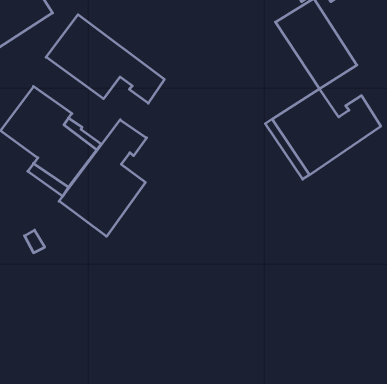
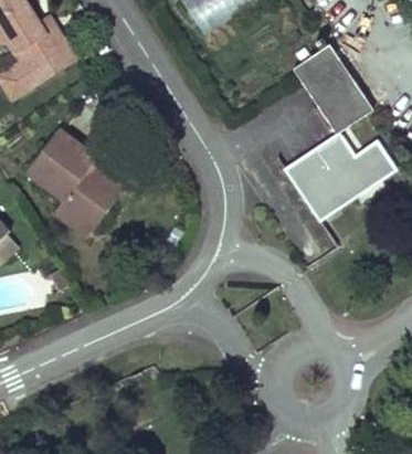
building: [46,15,164,103] -> none
building: [59,120,147,236] -> none

